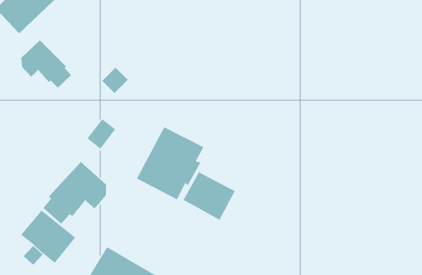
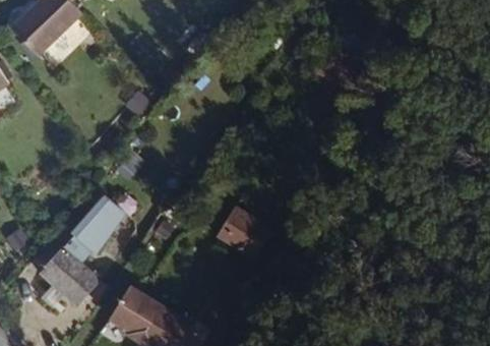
building: [21,39,72,89] -> none
building: [136,126,205,200] -> none

